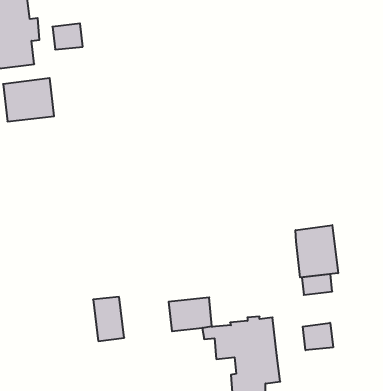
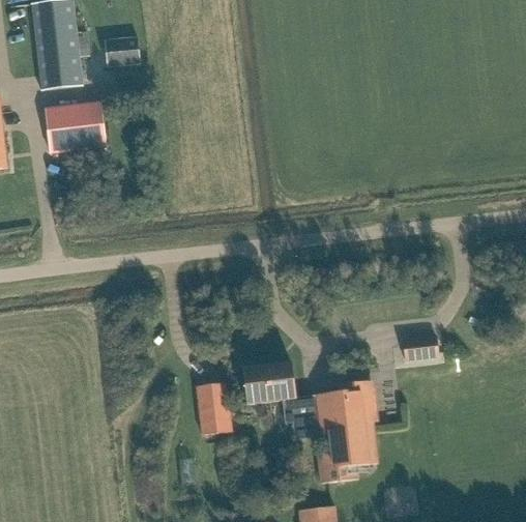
building: [296,225,338,277] -> none
building: [93,297,124,341] -> [196,383,233,436]
building: [303,323,333,350] -> none

